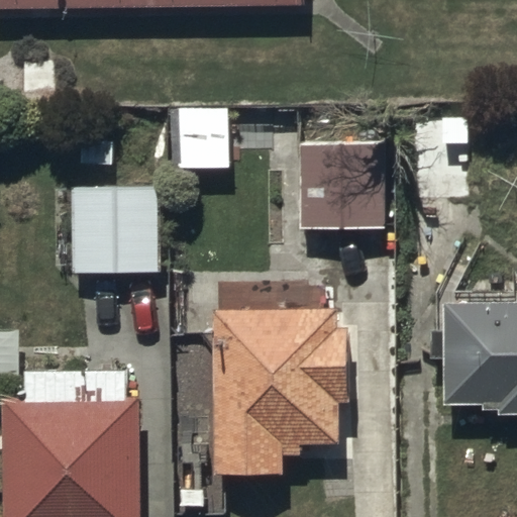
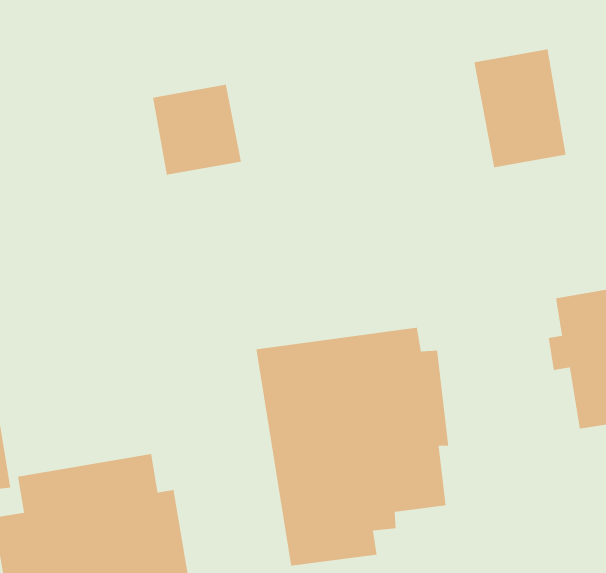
building: [302,138,386,228] -> none
building: [71,190,157,272] -> none

